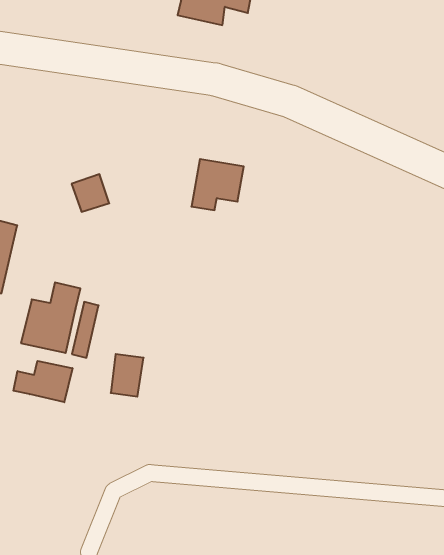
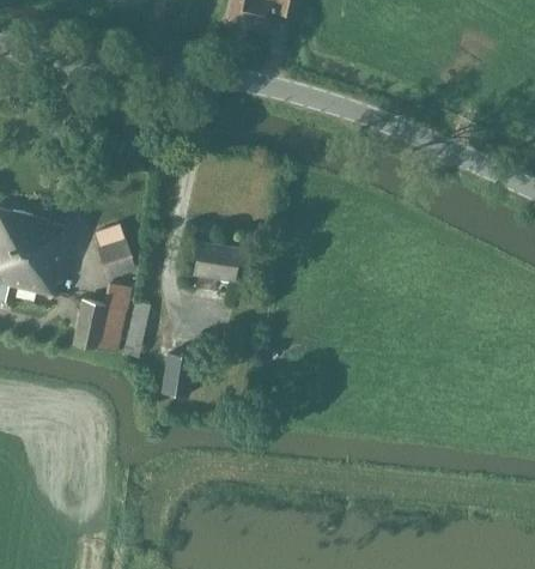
building: [191,159,244,210] -> [189,241,241,291]
building: [72,174,109,212] -> [97,241,134,278]
building: [13,361,72,402] -> none

